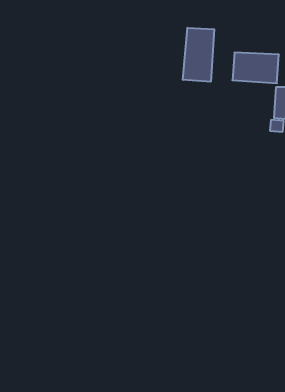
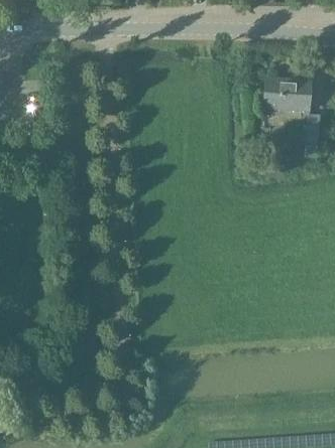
building: [183,28,214,82] -> none

